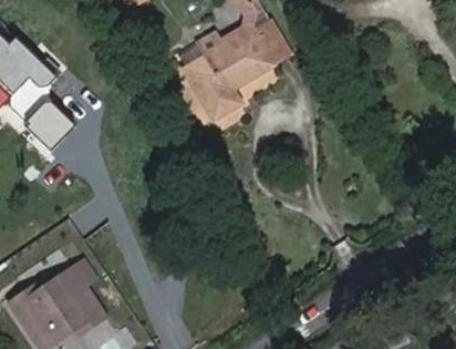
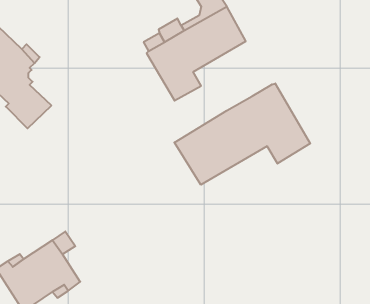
building: none -> [174,83,310,185]

